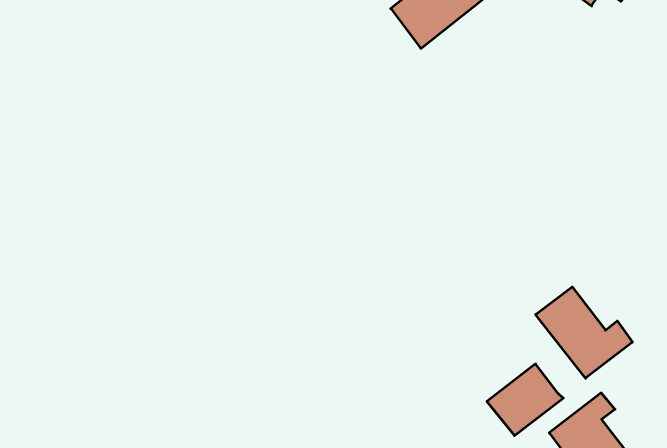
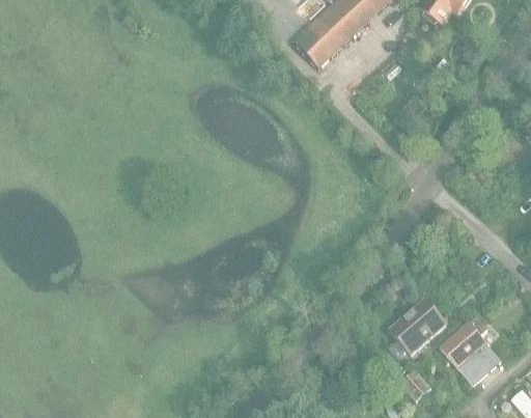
building: [536,287,632,378] -> none

